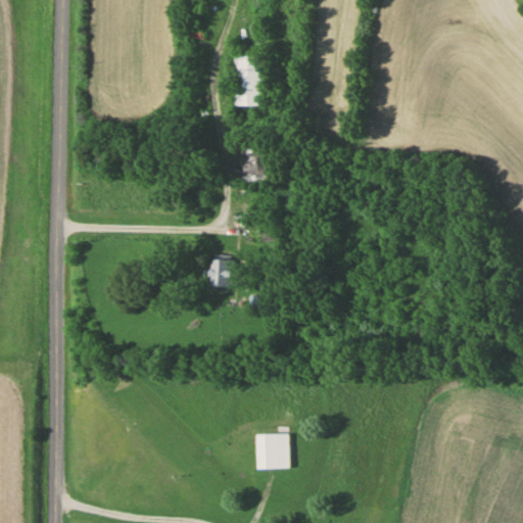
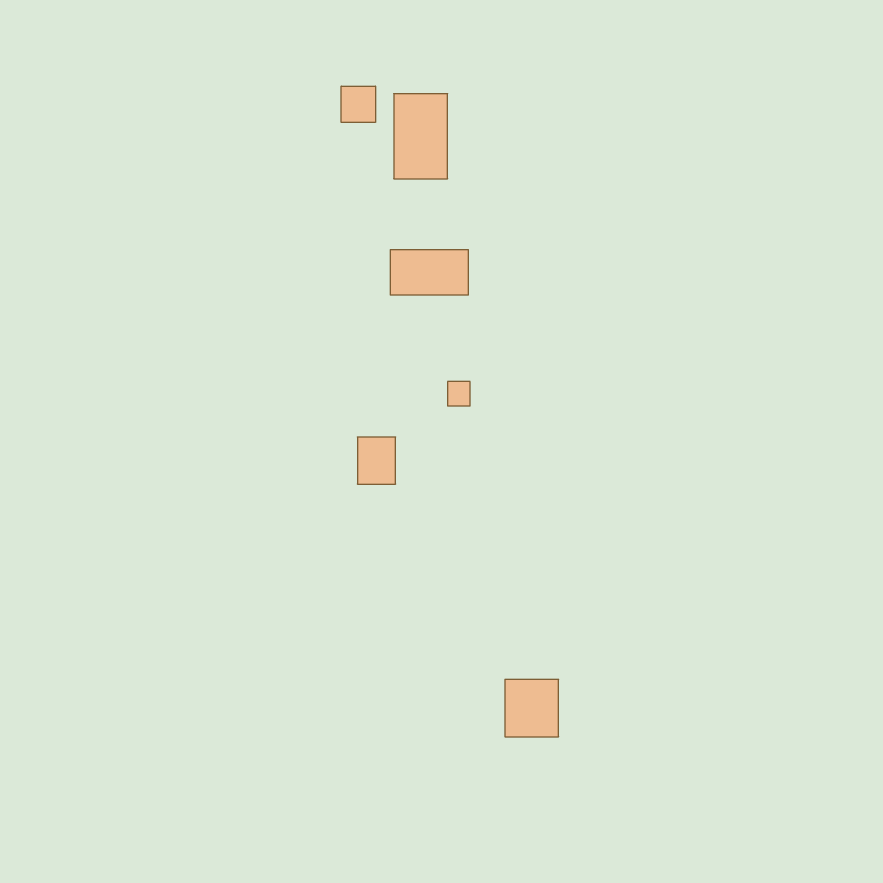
building: none -> [341,86,375,122]
building: [255,435,287,469] -> [505,679,559,737]

